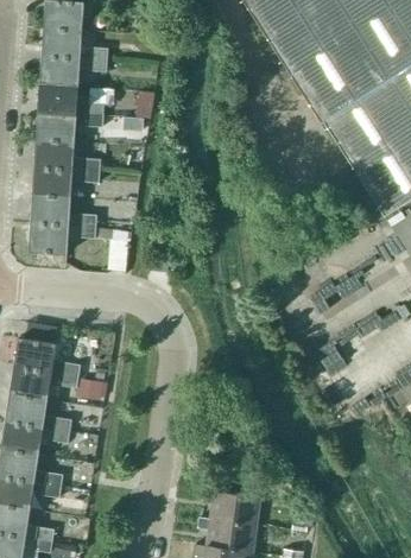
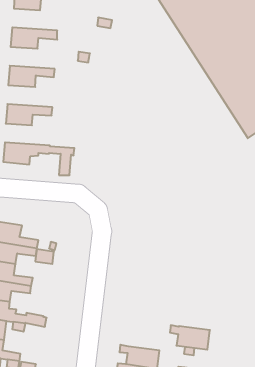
building: [42,28,108,61] -> none
building: [38,84,105,116] -> none
building: [34,140,101,172] -> none
building: [31,196,97,228] -> none
building: [201,490,259,526] -> [170,325,210,350]

